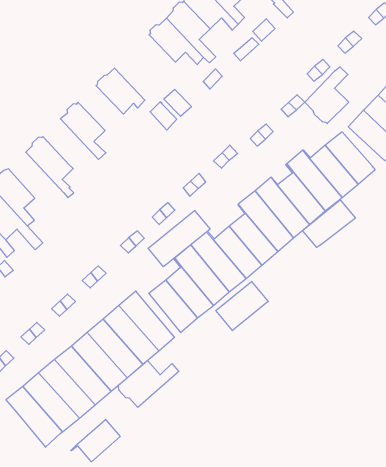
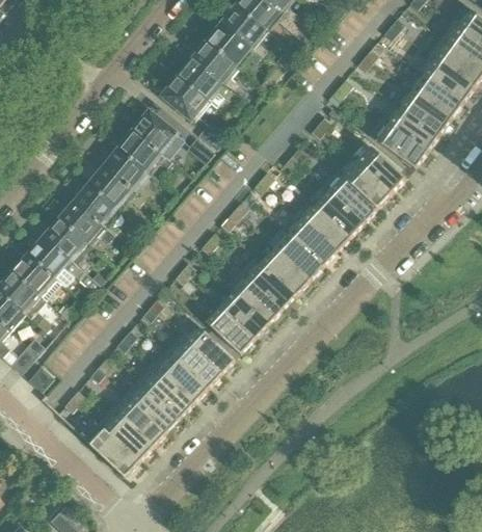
building: none -> [162,75,207,121]
building: [305,67,349,124] -> none
building: none -> [118,129,175,170]
building: none -> [89,164,144,207]
building: none -> [60,200,115,242]
building: [303,200,355,247] -> none
building: [148,211,210,267] -> none
building: [216,281,268,331] -> none
building: [118,360,179,407] -> none
building: [71,419,120,462] -> none

